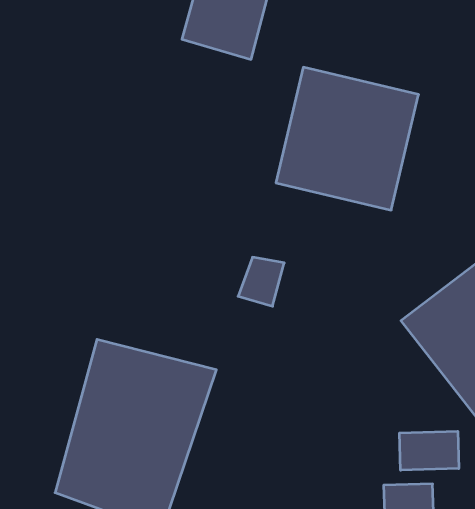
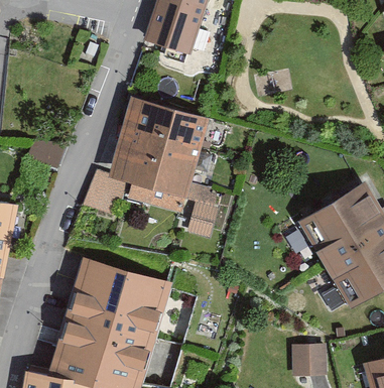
building: [276,67,419,210] -> [110,101,210,201]
building: [400,431,459,470] -> none

